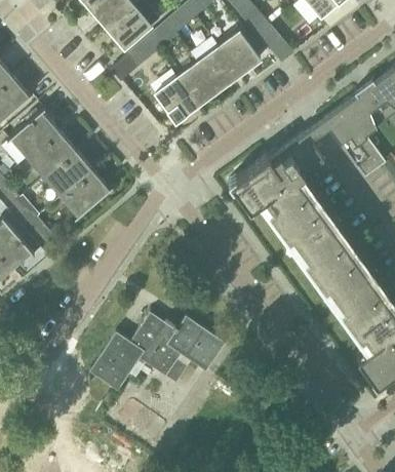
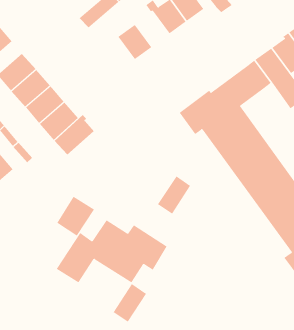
building: [179,62,220,105] -> none
building: none -> [44,114,94,177]
building: none -> [157,176,191,214]
building: none -> [56,196,95,237]
building: none -> [113,283,147,323]

